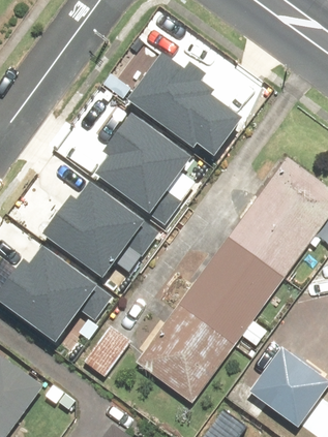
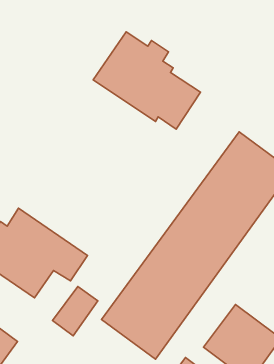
building: [96,111,195,225] -> none
building: [40,177,162,276] -> none

